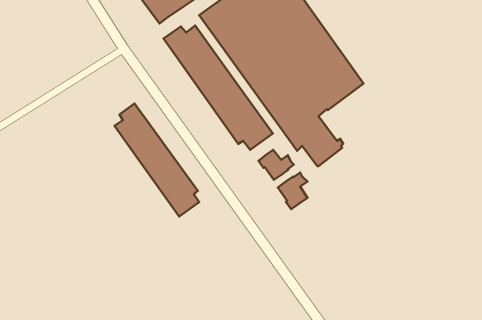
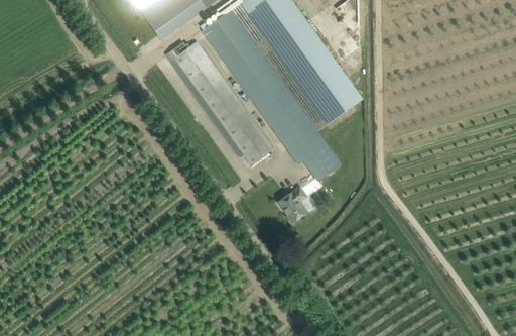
building: [114,104,199,216] -> none
building: [259,150,294,180] -> none

